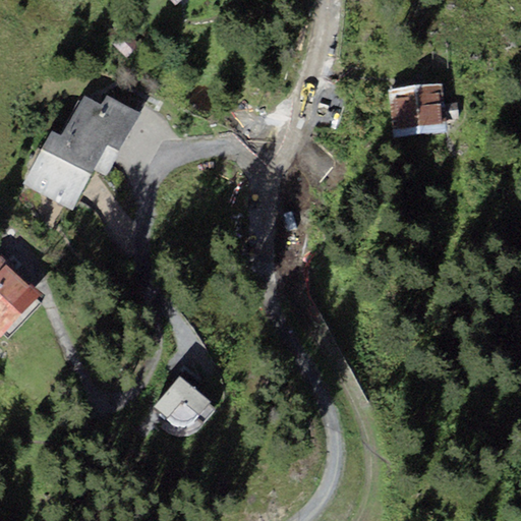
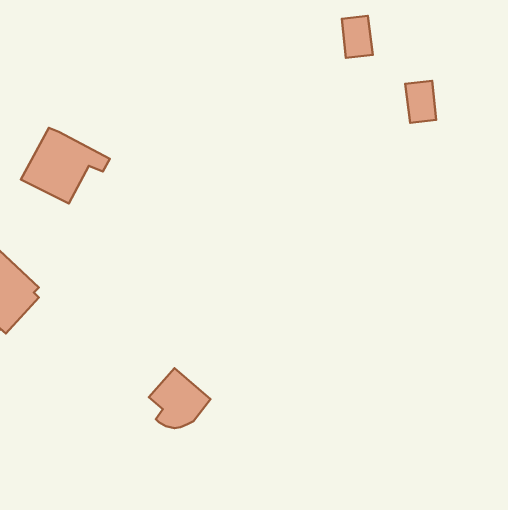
building: [387,85,418,128] -> [342,16,373,58]
building: [60,95,138,162] -> none

